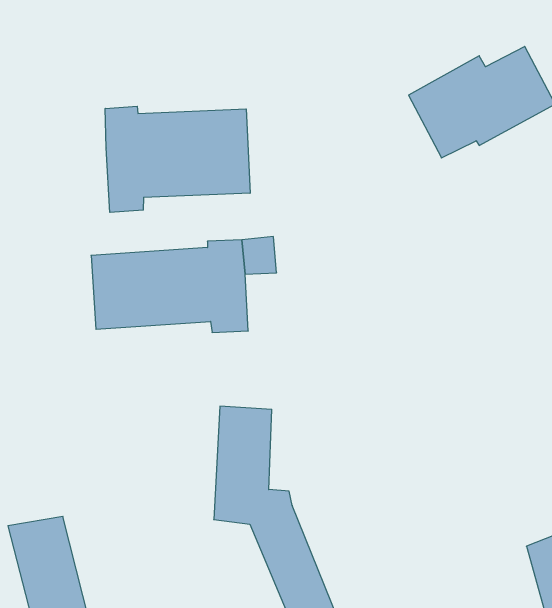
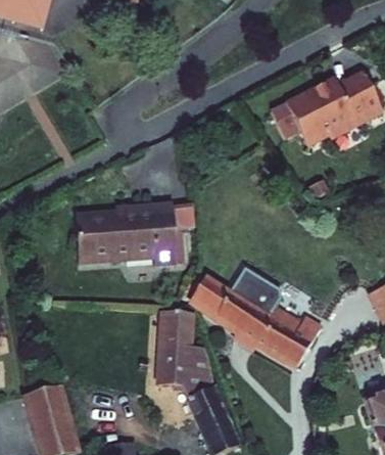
building: [105,106,250,212] -> none
building: none -> [193,267,325,362]

